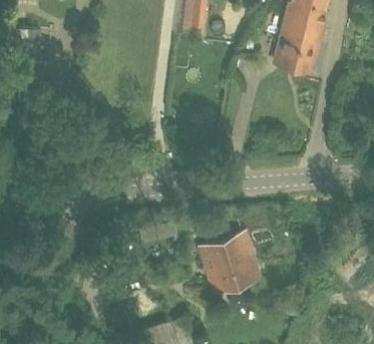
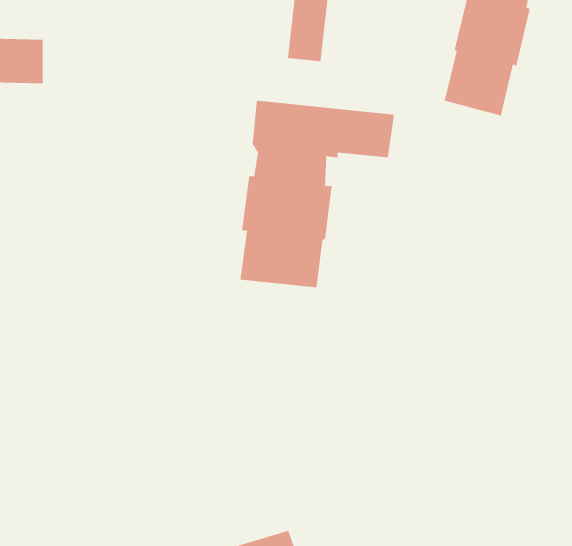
building: none -> [240,100,395,288]
building: [200,231,263,294] -> none

